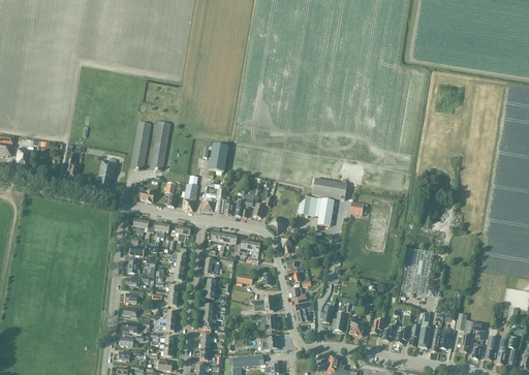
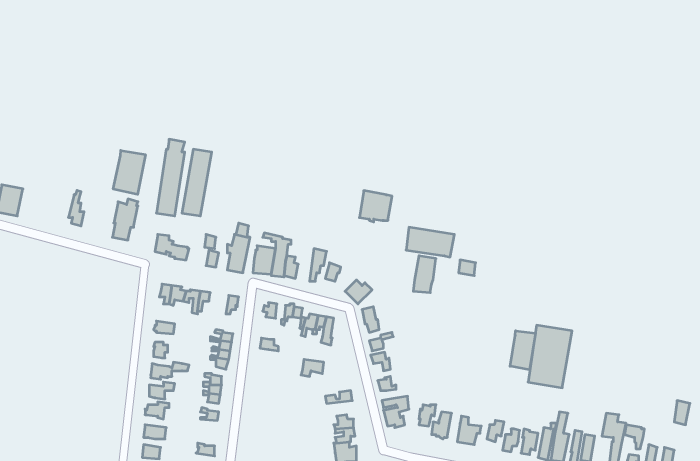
building: none -> [113,150,145,194]
building: [210,144,229,171] -> none
building: [299,194,322,217] -> [359,191,392,222]
building: none -> [510,331,535,370]

